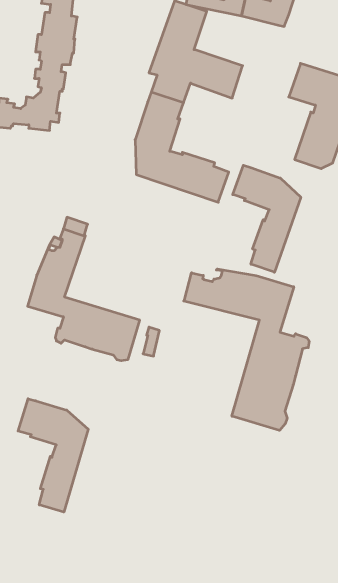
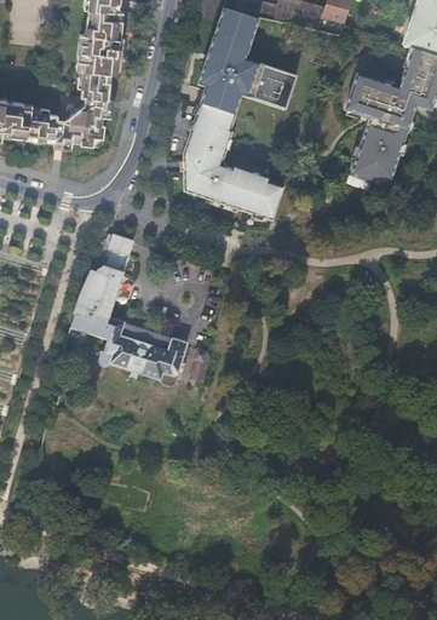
building: [233,165,301,272] -> none
building: [184,269,309,430] -> none
building: [18,399,88,512] -> none

